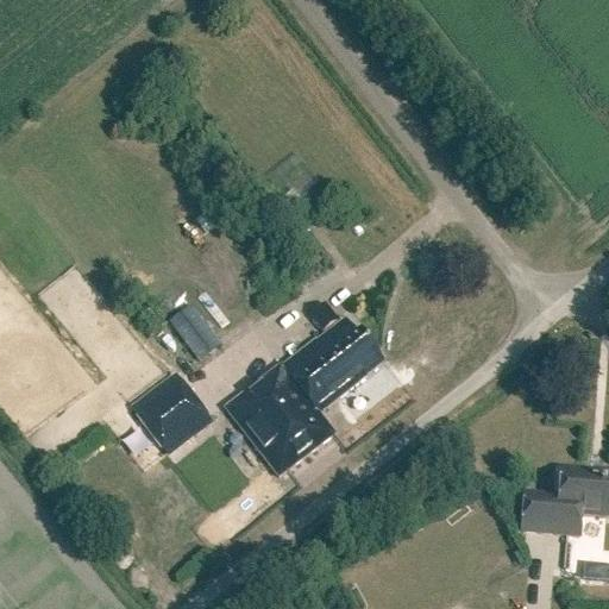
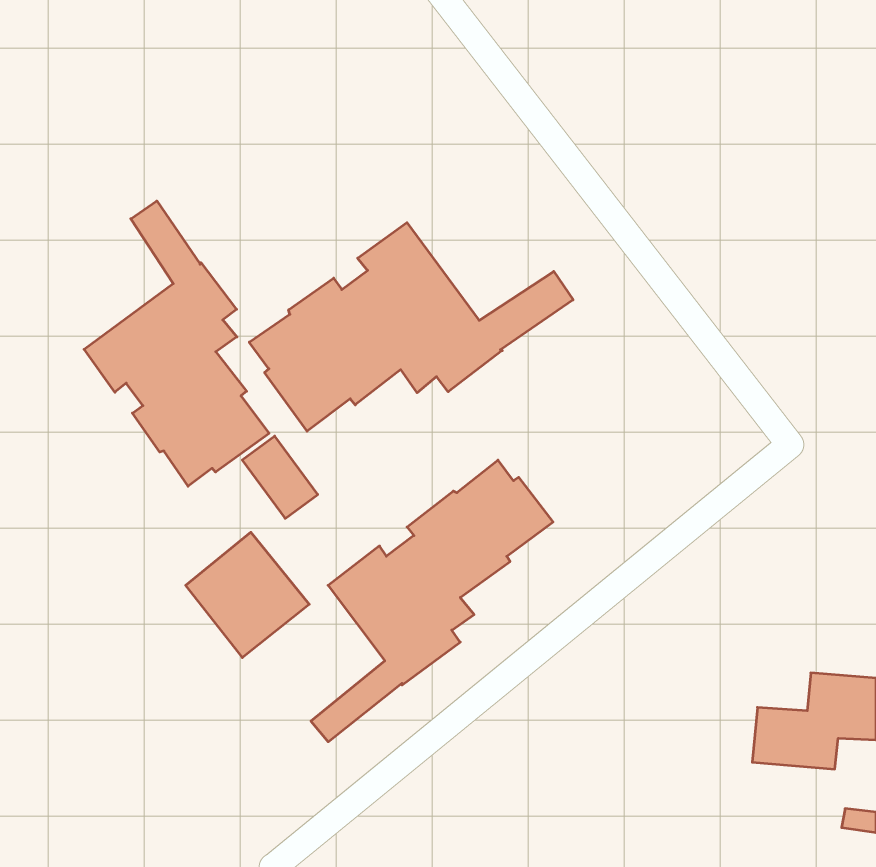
building: none -> [84,201,269,486]
building: none -> [249,223,573,431]

